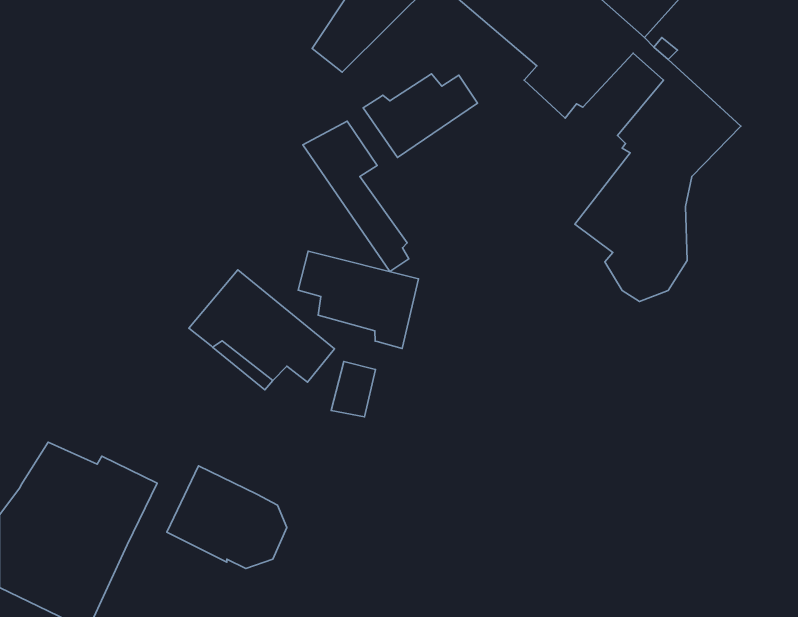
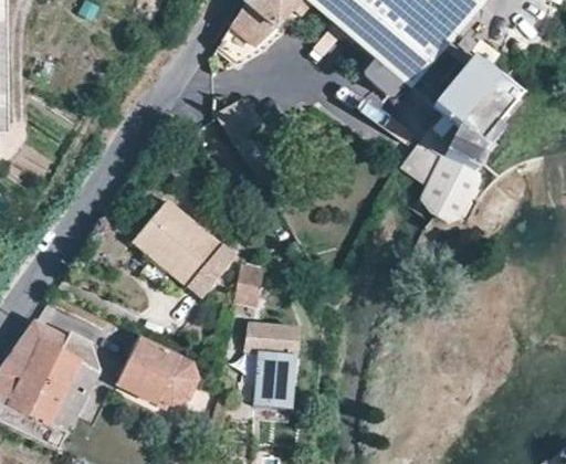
building: [363,74,478,157] -> none
building: [298,251,419,348] -> none
building: none -> [248,320,297,405]

